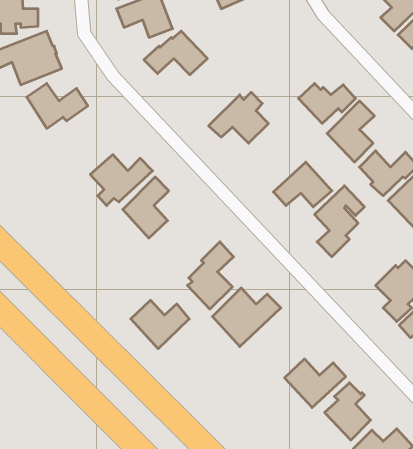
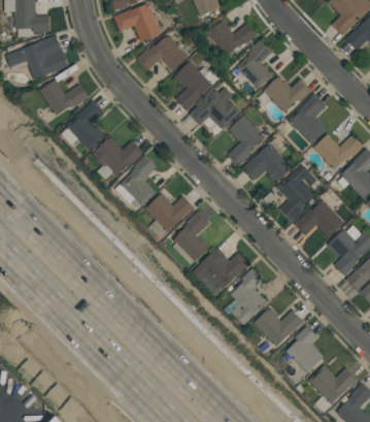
building: none -> [208,21,257,57]
building: none -> [239,38,272,89]
building: none -> [174,62,221,110]
building: none -> [66,101,105,150]
building: none -> [227,116,264,166]
building: none -> [295,199,345,238]
building: [131,300,189,349] -> [145,193,194,233]
building: none -> [230,267,266,324]

